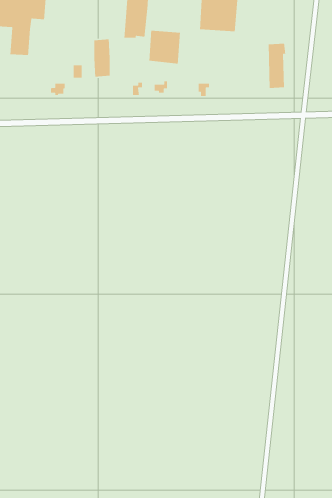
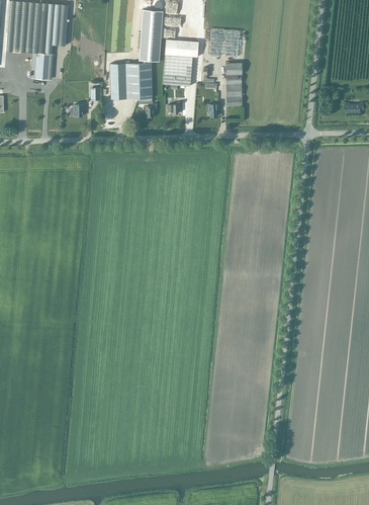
building: none -> [164,39,198,58]
building: none -> [125,63,152,98]
building: [268,43,286,89] -> [225,63,243,106]

